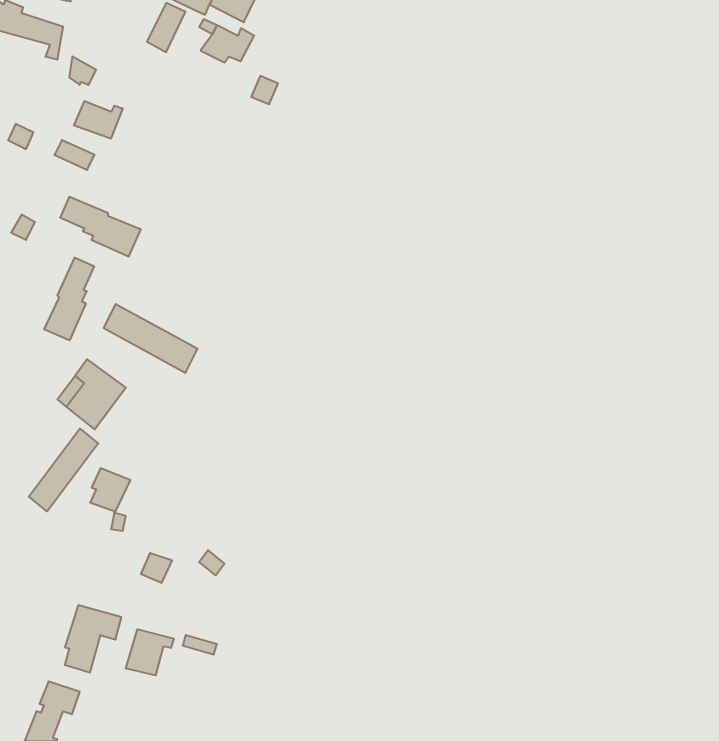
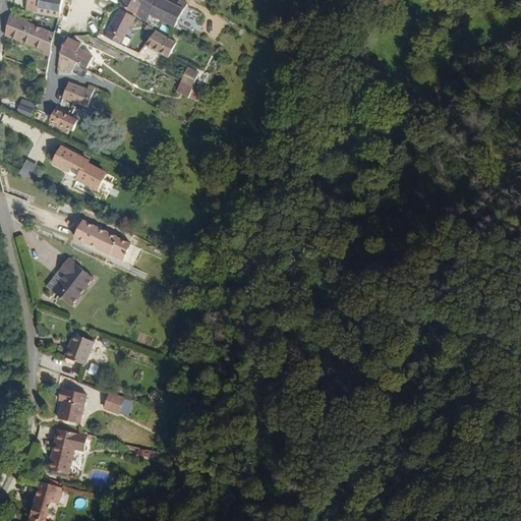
building: none -> [58,36,91,65]
building: [44,258,94,340] -> none
building: [29,429,98,511] -> none
building: none -> [57,385,84,421]
building: [126,629,174,675] -> none

